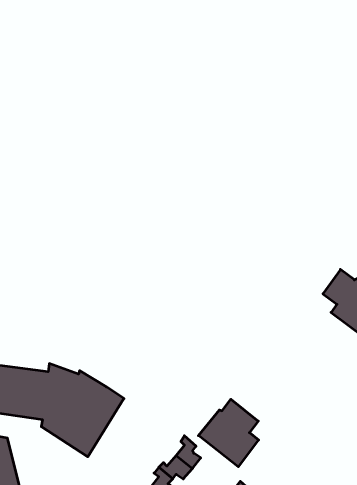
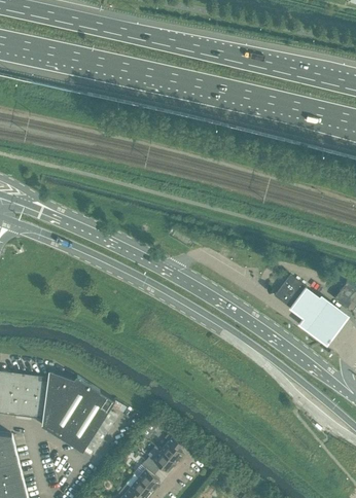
building: none -> [274,276,306,309]
building: [198,399,259,467] -> none

